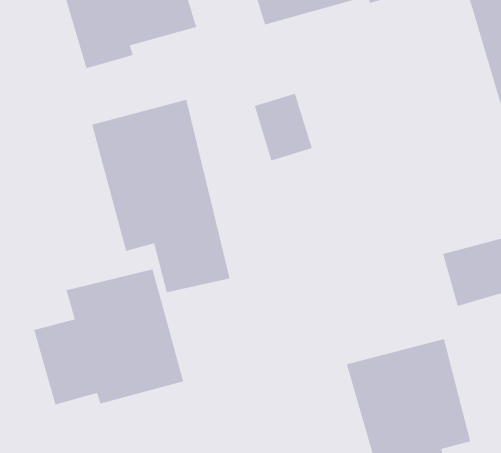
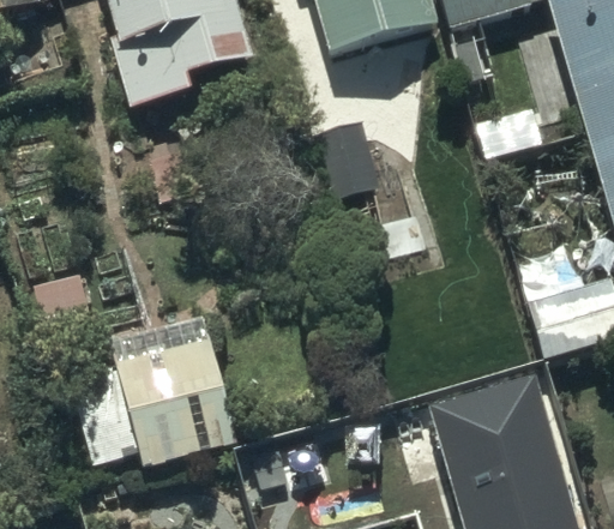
building: [91,99,231,293] -> none

